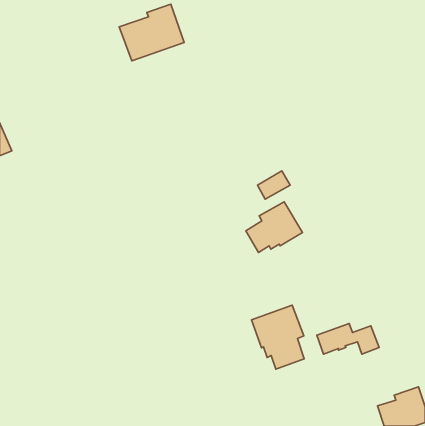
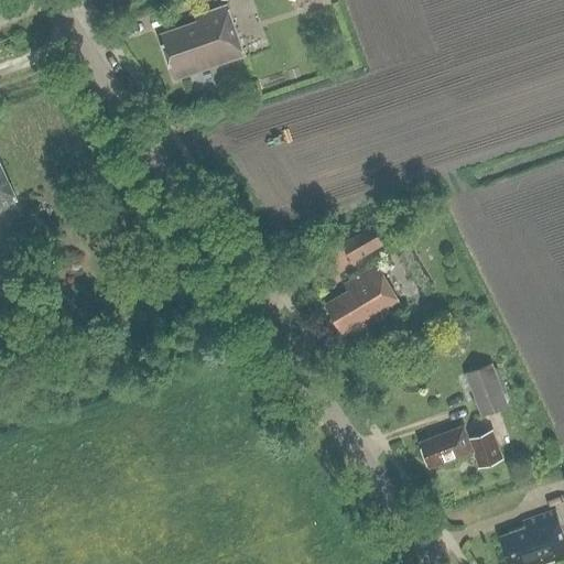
building: none -> [466,365,506,415]
building: [251,305,304,369] -> none

